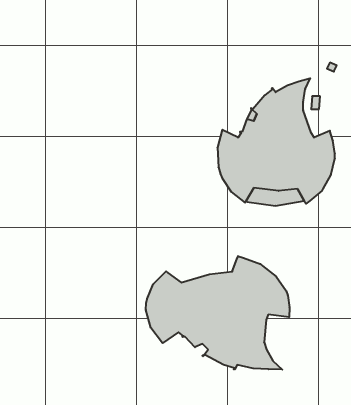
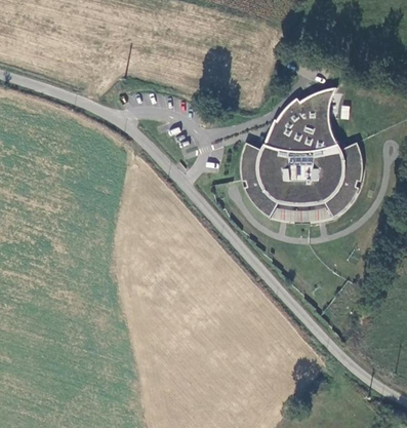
building: [146,256,289,370] -> none

